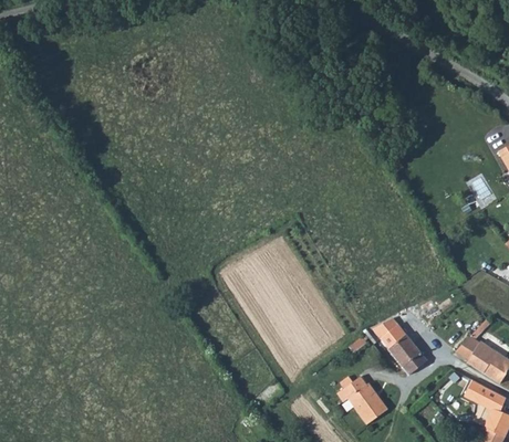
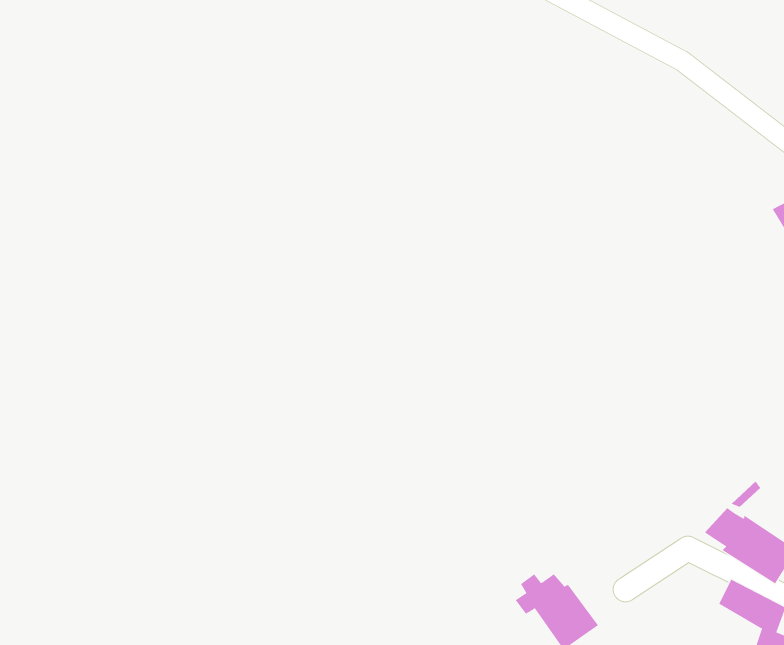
building: [372,318,427,376] -> none

